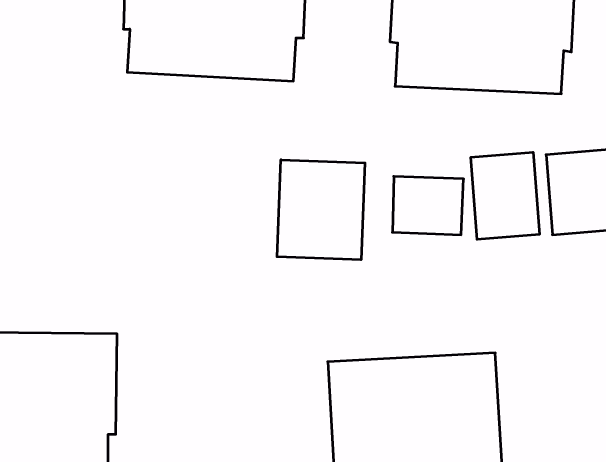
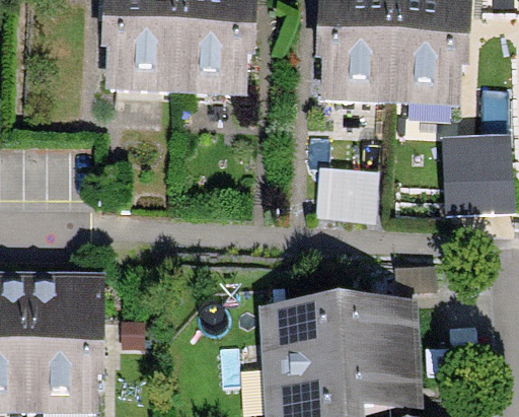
building: [471,152,539,239] -> none
building: [277,160,365,260] -> none

